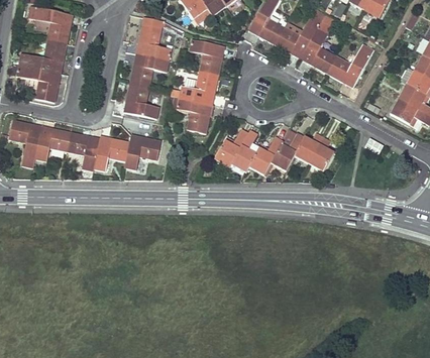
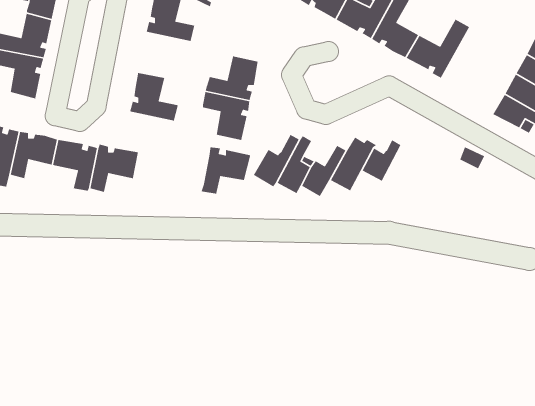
building: [189,38,225,75] -> none
building: [129,53,169,87] -> none
building: [124,134,162,169] -> [200,147,251,195]
building: [309,136,333,171] -> none

